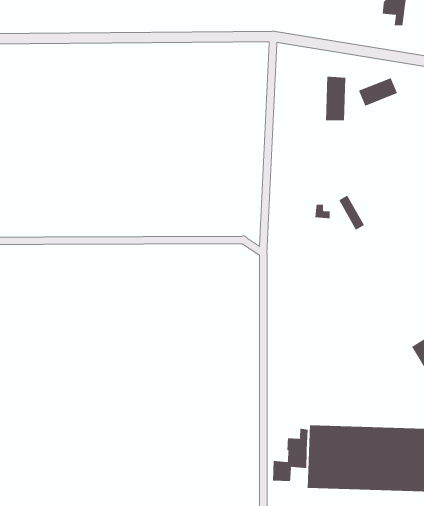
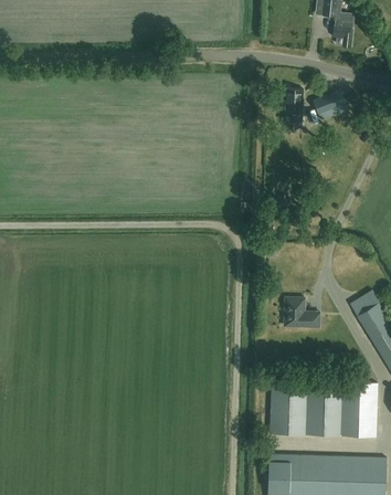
building: none -> [284,297,318,327]
building: [272,428,308,482] -> none

